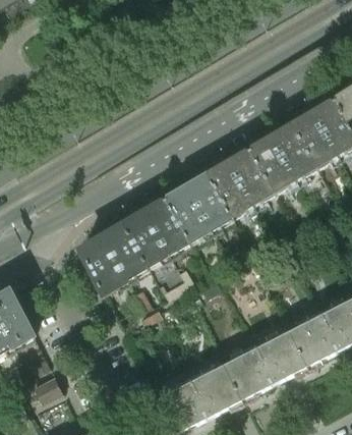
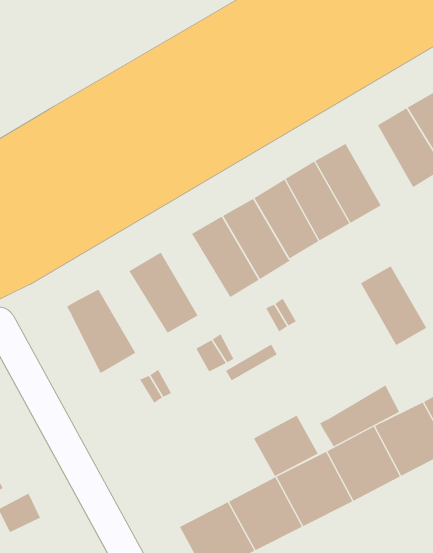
building: [270,124,315,179] -> [360,265,427,346]
building: [143,199,190,255] -> none
building: [101,224,148,280] -> none
building: none -> [320,385,400,447]
building: none -> [253,415,319,477]

